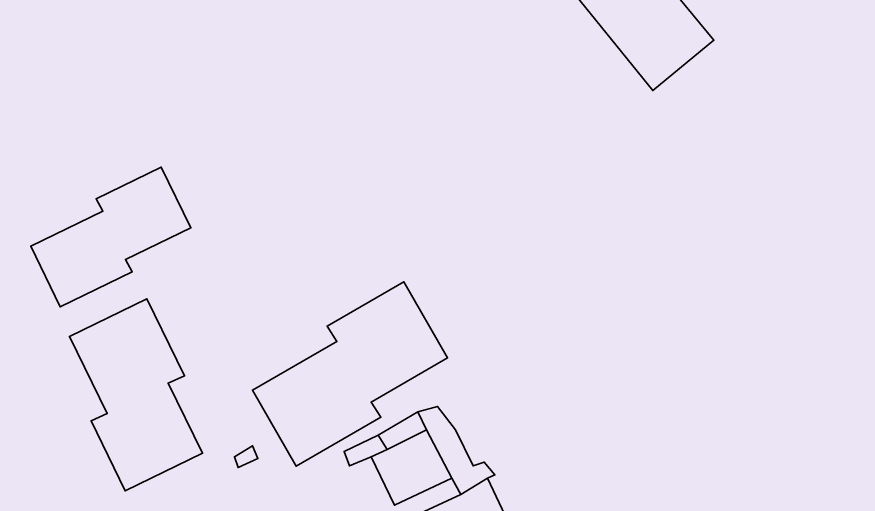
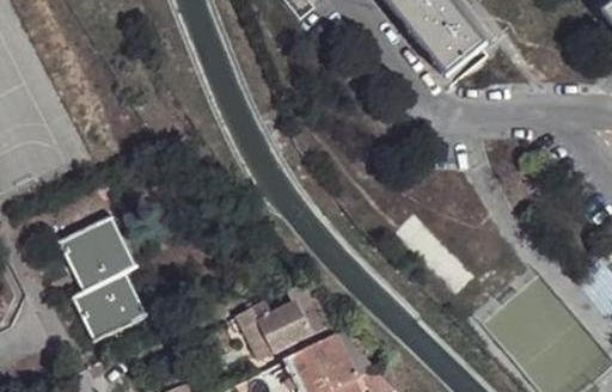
building: [31,167,191,307] -> none
building: [252,282,448,466] -> none

